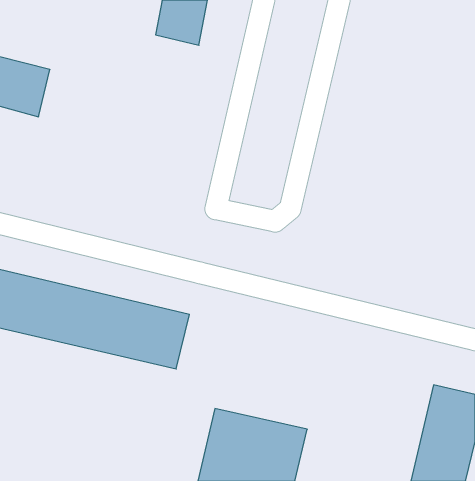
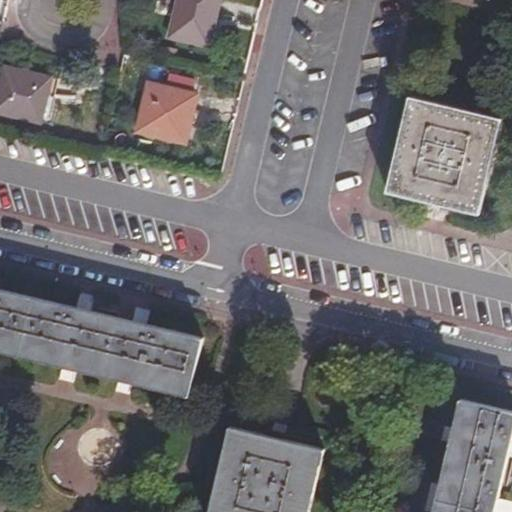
building: none -> [130,78,199,146]
building: none -> [382,97,494,213]

